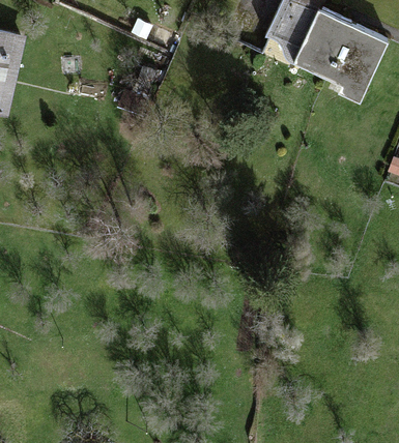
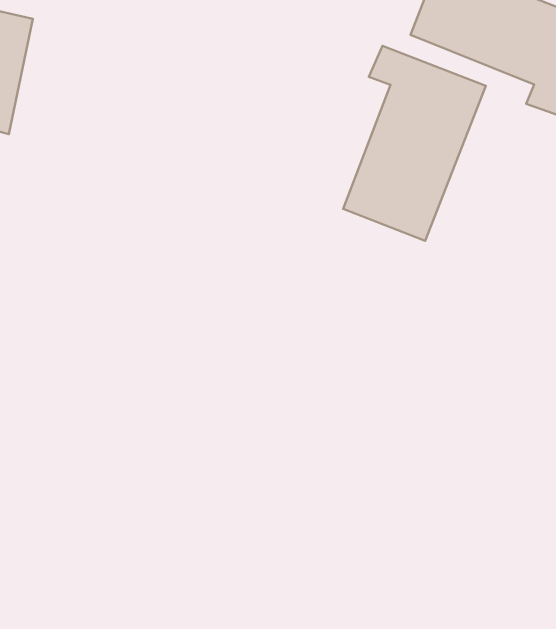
building: none -> [343,46,486,241]

